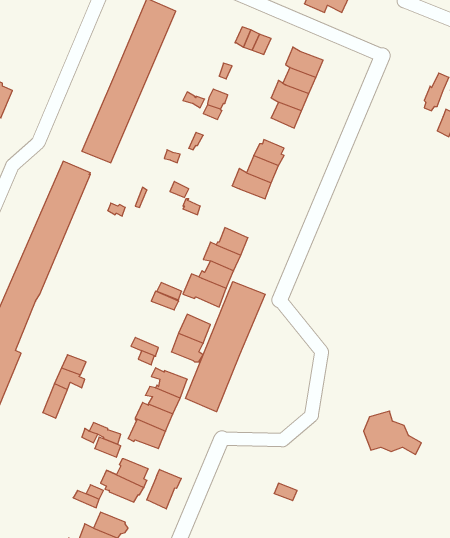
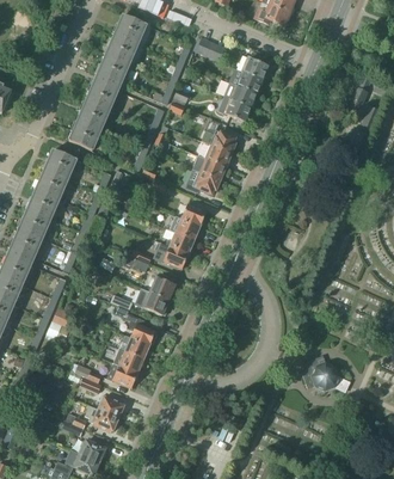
building: none -> [185,168,221,194]
building: [185,282,265,412] -> none
building: [147,469,181,509] -> none

